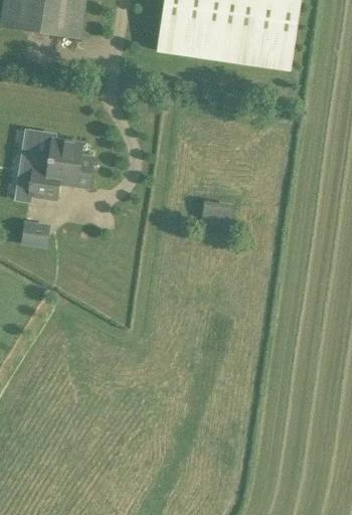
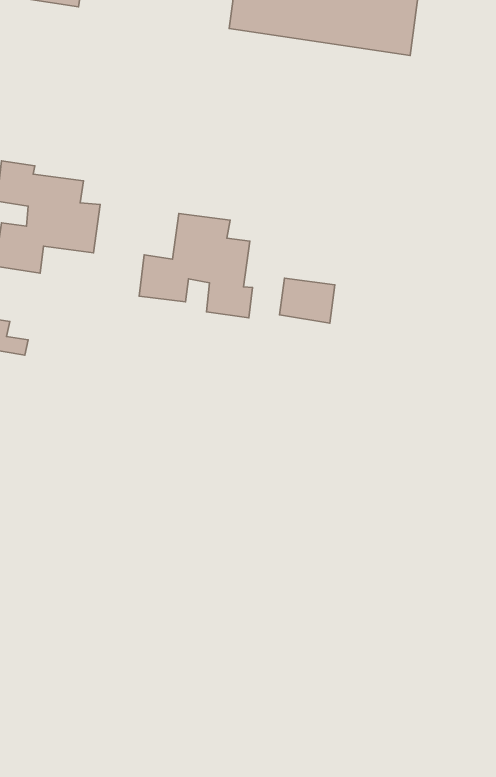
building: none -> [139,213,252,318]

